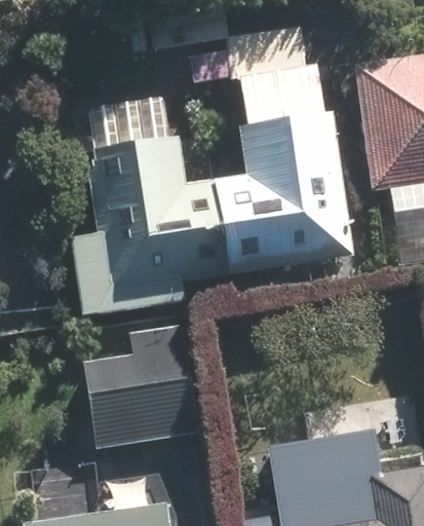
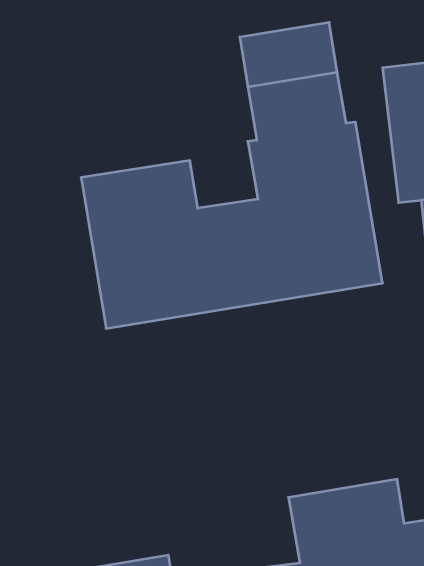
building: [88,318,209,442] -> none

